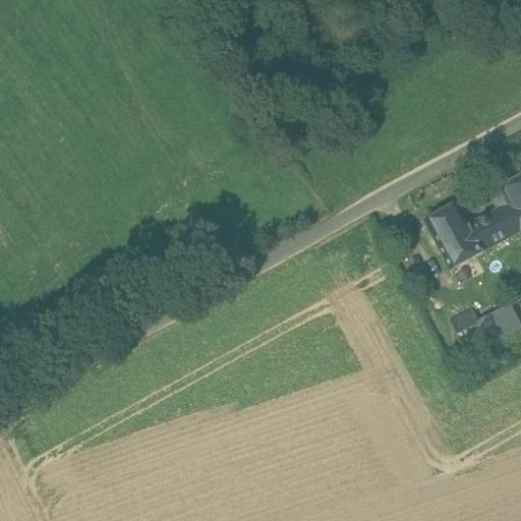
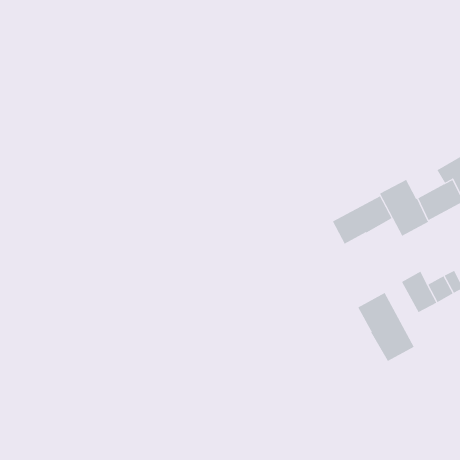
building: none -> [332,195,393,244]
building: none -> [358,292,415,362]

